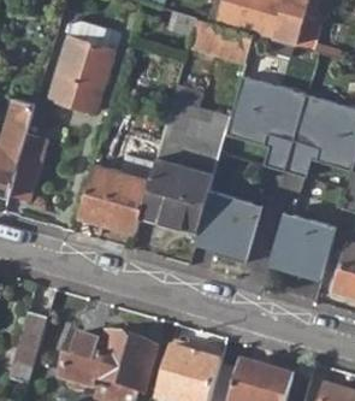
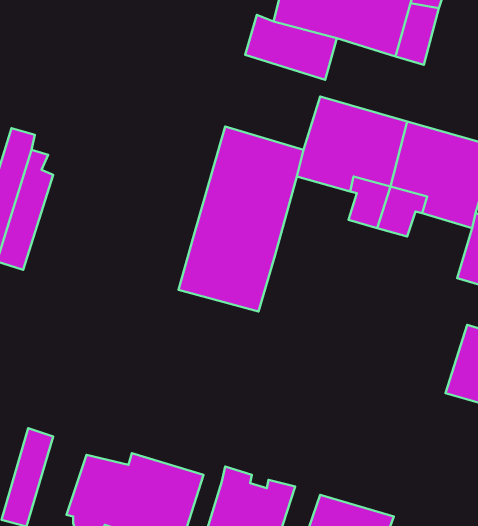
building: [51,35,112,111] -> none
building: [71,158,149,229] -> none
building: [195,189,259,261] -> none
building: [265,212,332,277] -> none

